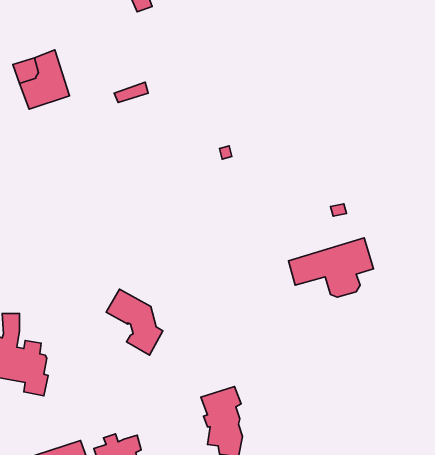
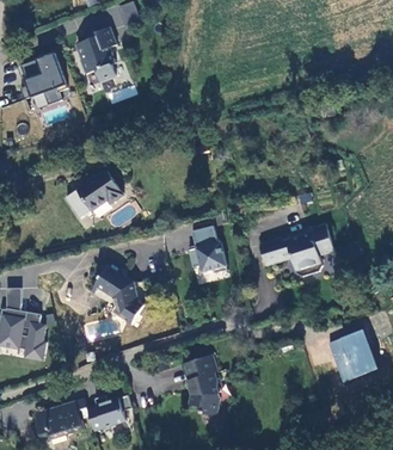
building: none -> [78,25,117,78]
building: none -> [76,168,124,210]
building: none -> [188,228,226,273]
building: none -> [326,329,375,382]

